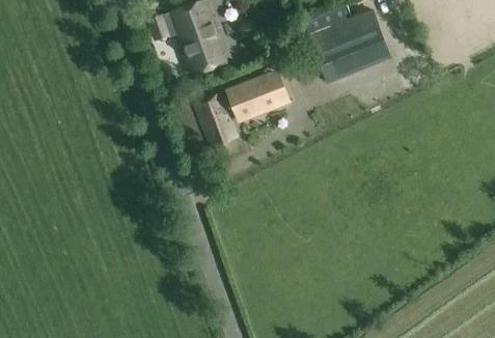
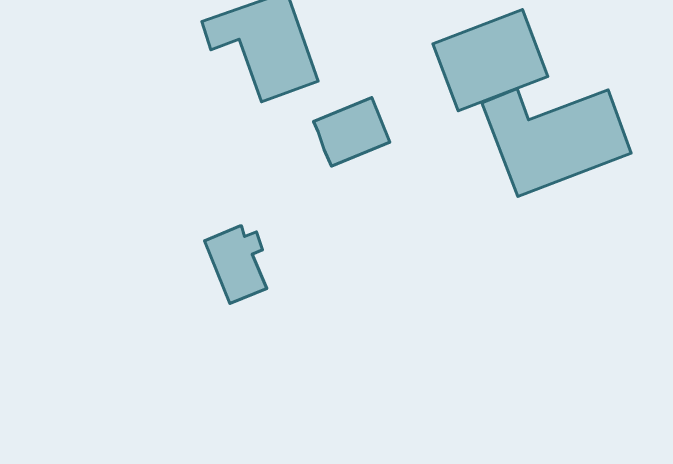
building: none -> [482,88,631,197]
building: [195,92,239,146] -> [204,226,267,304]

